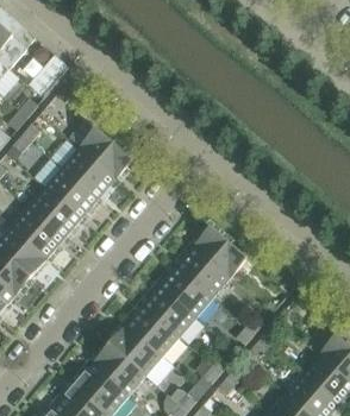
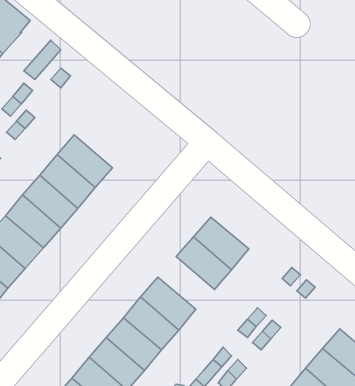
building: [77,130,131,181] -> none
building: [158,266,213,317] -> none

